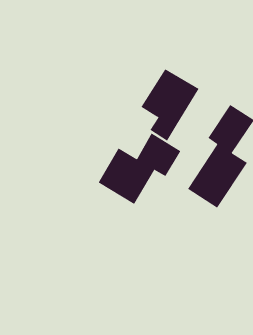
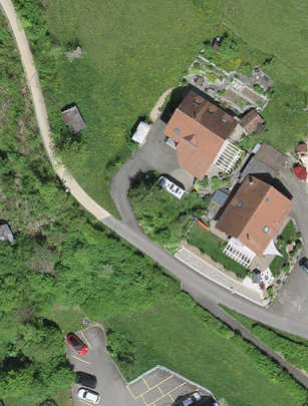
building: [98,133,181,205] -> none

